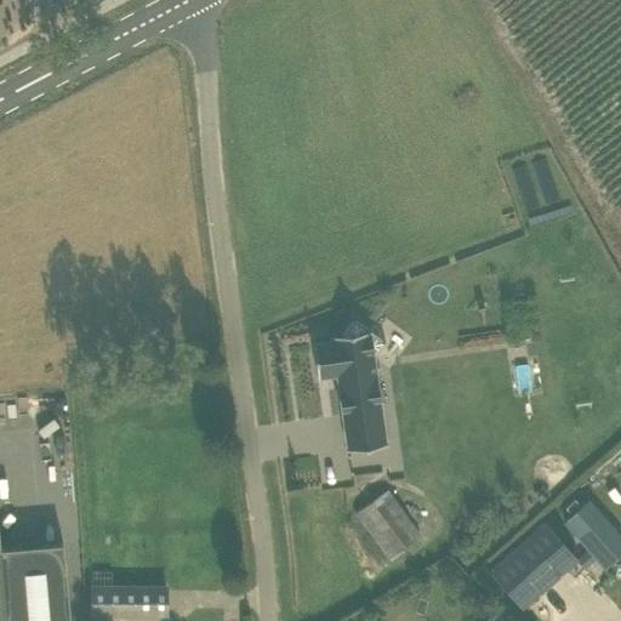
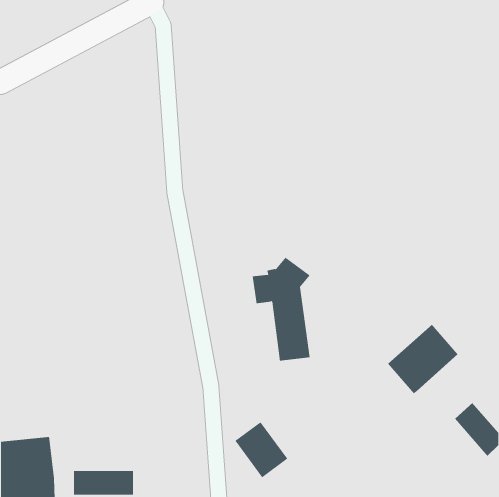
building: [354,491,421,562] -> [234,421,288,478]
building: [489,523,577,610] -> [387,324,459,394]

